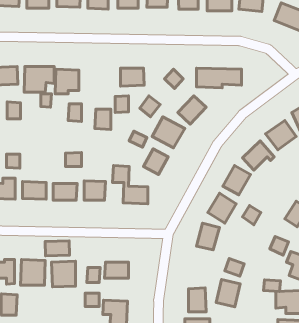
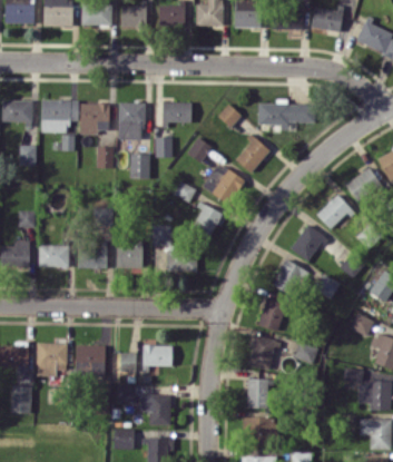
building: none -> [118,102,144,140]
building: [45,241,69,256] -> none
building: [216,280,240,307] -> [247,336,277,371]

